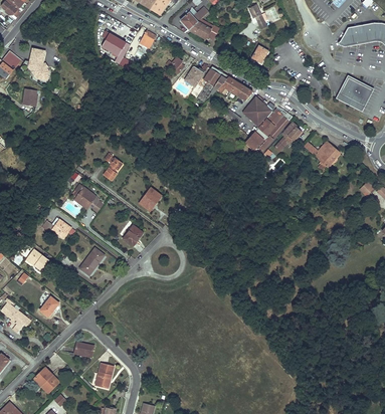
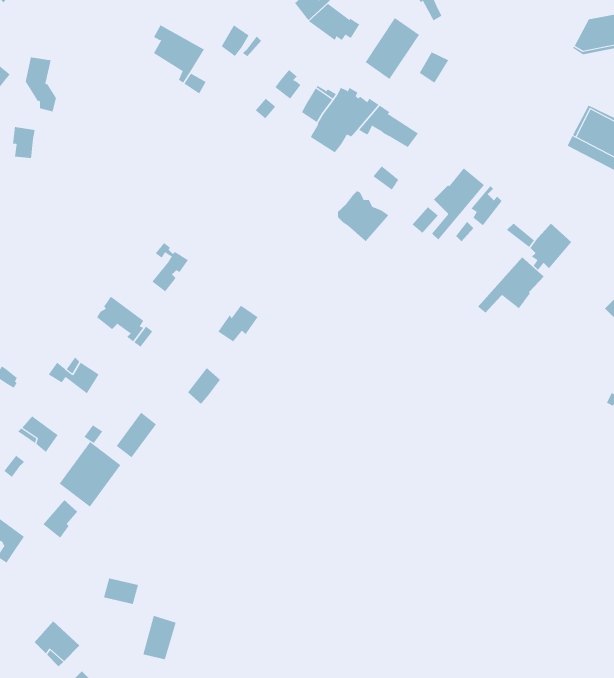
building: none -> [365,17,420,80]
building: [243,96,272,126] -> [337,191,389,242]
building: none -> [477,256,545,313]
building: none -> [59,441,121,507]

